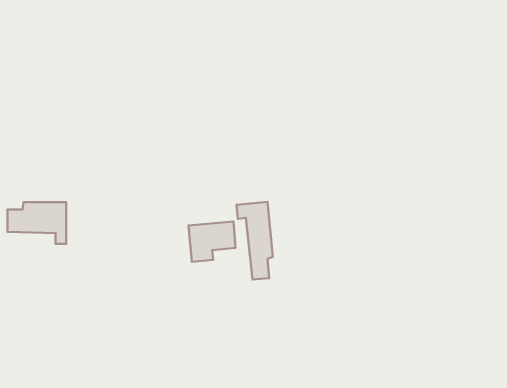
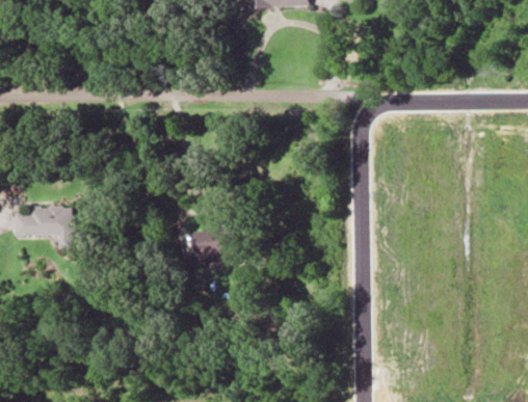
building: [237,202,273,280] -> none

